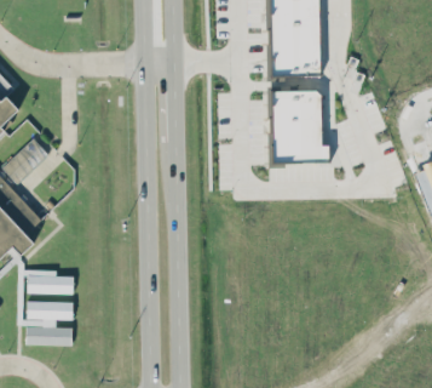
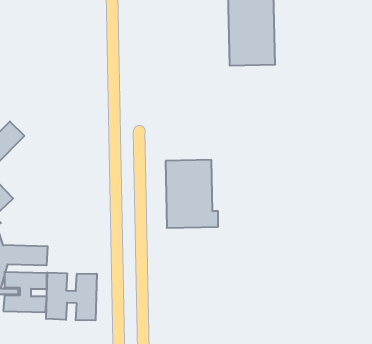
building: [271,89,328,162] -> [166,160,218,228]
building: none -> [46,272,97,320]

